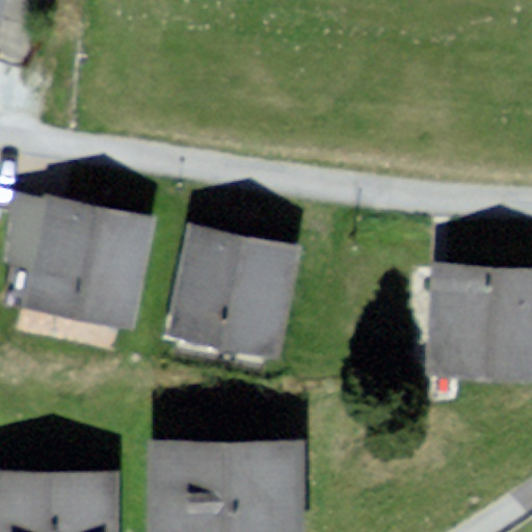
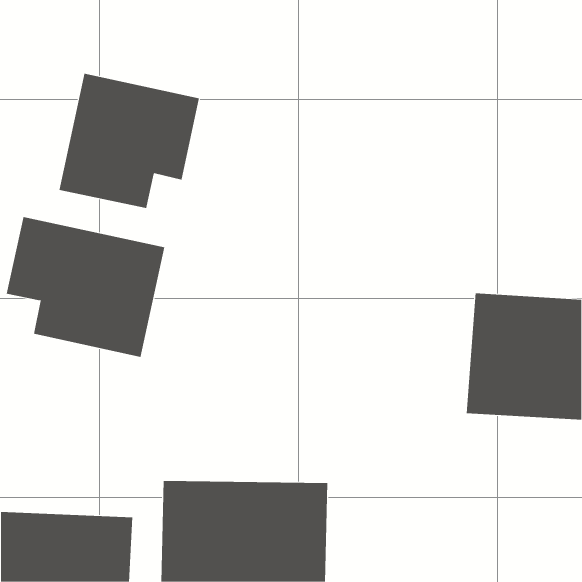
building: none -> [59,73,199,209]
building: [165,224,299,358] -> none

